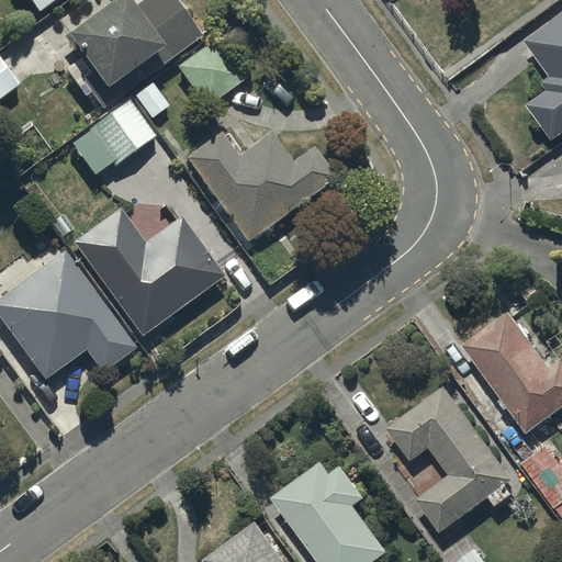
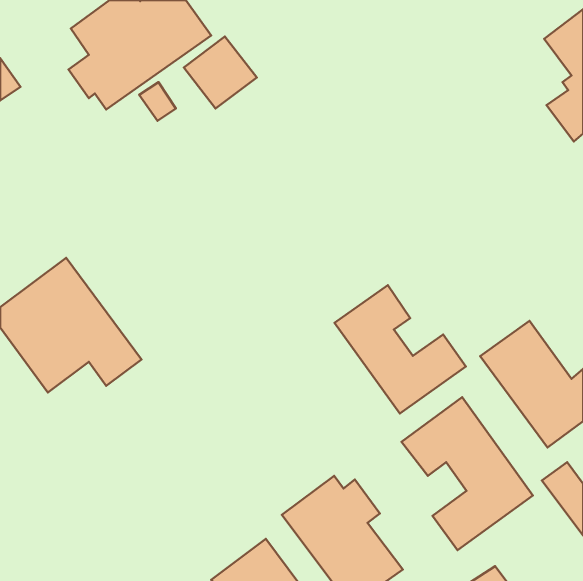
building: [72,99,156,175] -> none
building: [187,131,337,241] -> none
building: [72,209,225,337] -> none
building: none -> [334,285,466,413]

